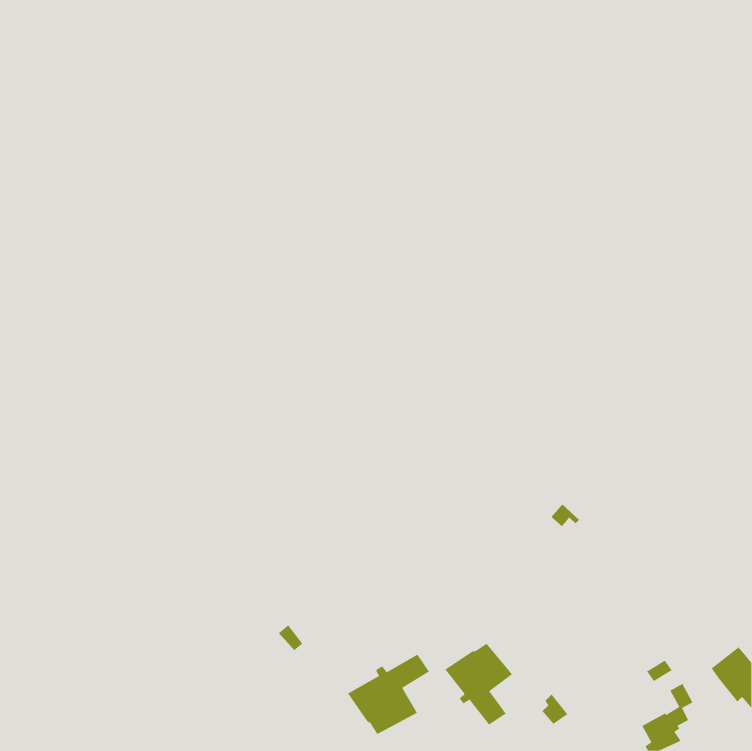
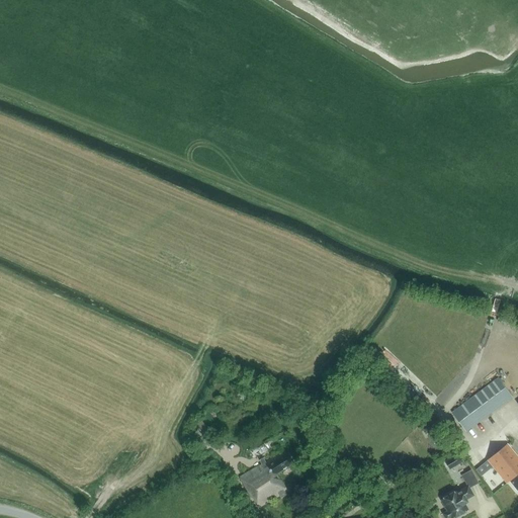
building: none -> [452,377,513,431]
building: [444,643,513,725] -> none

